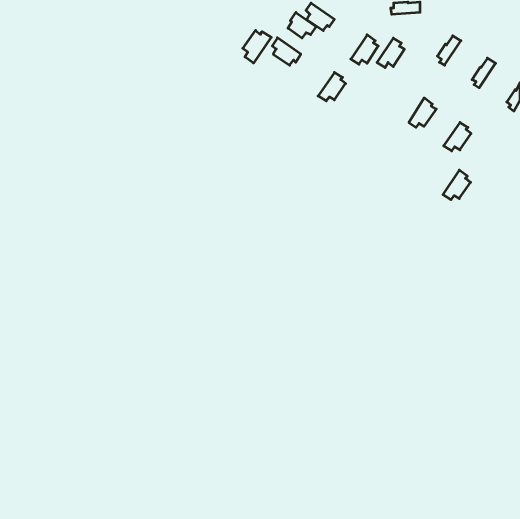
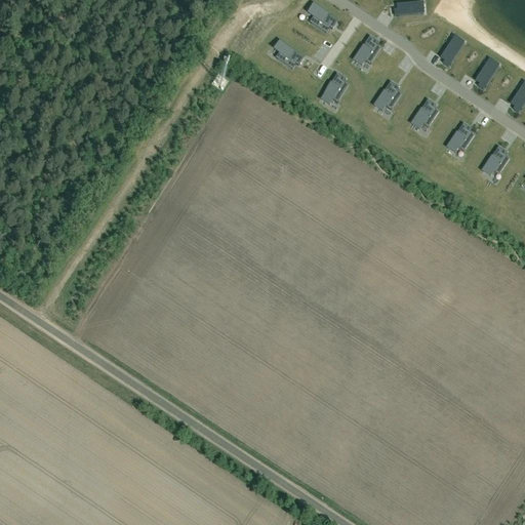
building: [288,12,316,38] -> none
building: [243,30,271,63] -> none
building: [377,38,404,68] -> [373,81,401,111]
building: [443,170,471,200] -> [481,146,509,175]

